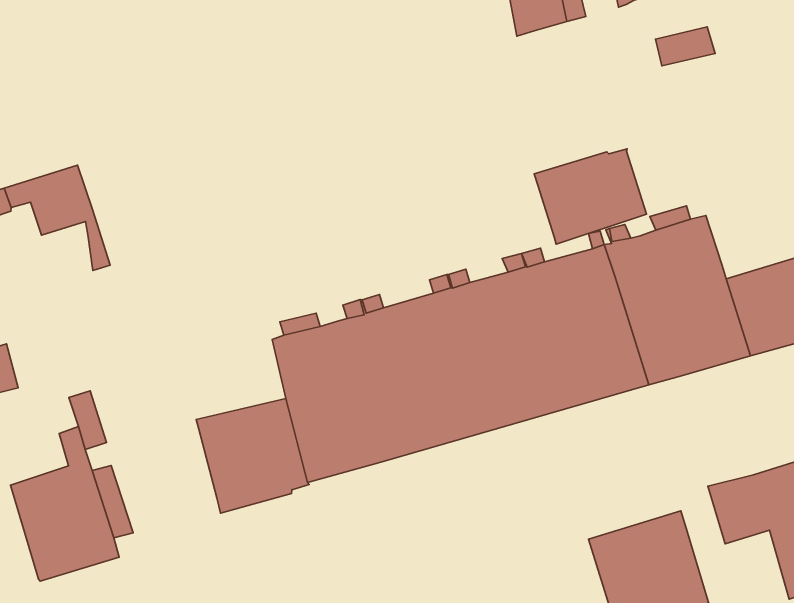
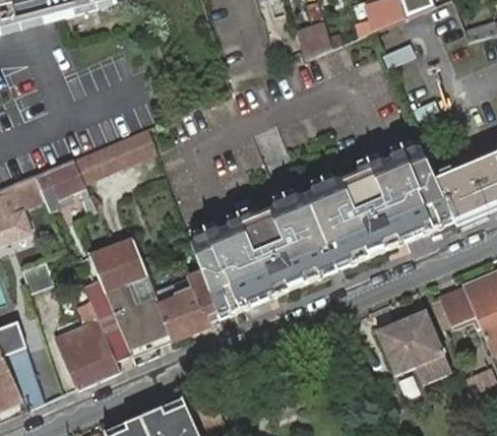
building: none -> [72,127,156,182]
building: [534,149,647,244] -> none
building: none -> [89,239,170,355]

